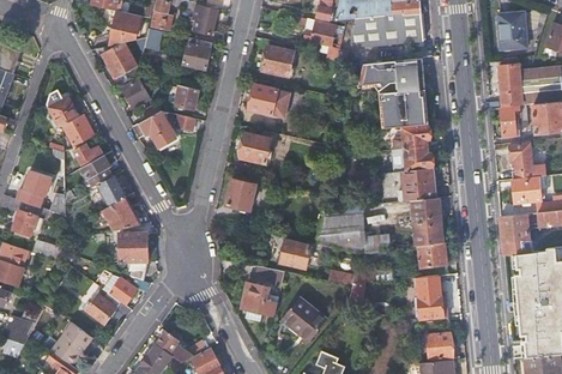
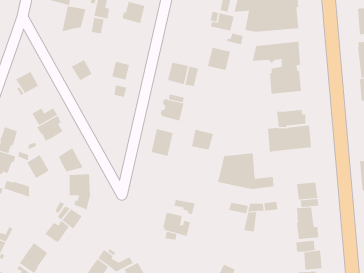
building: [182,37,211,70] -> none
building: [98,42,138,85] -> none
building: [261,46,292,77] -> [207,47,231,71]
building: [132,109,179,149] -> none
building: [61,115,92,146] -> none
building: [391,126,428,150] -> none
building: [95,175,125,207] -> [27,154,49,179]
building: [411,198,442,247] -> none
building: [279,240,309,267] -> [191,129,214,150]
building: [280,298,327,343] -> none

